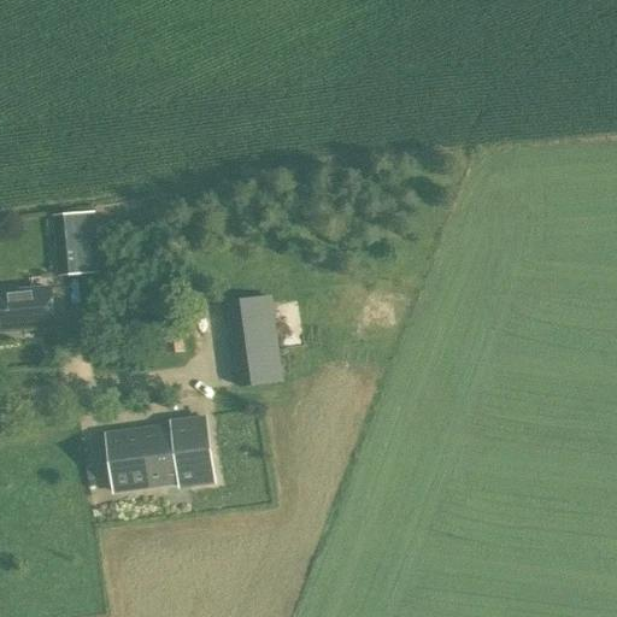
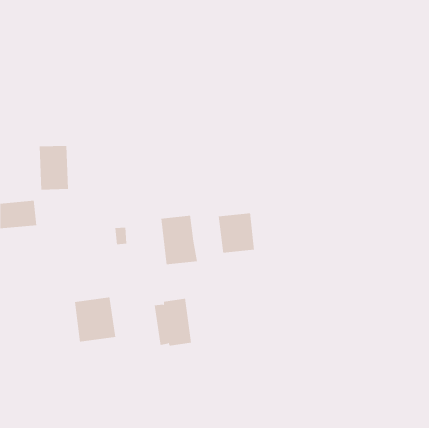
building: none -> [218,212,254,254]
building: [158,416,212,484] -> [154,298,192,346]

